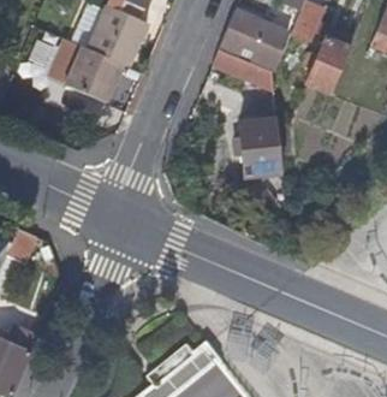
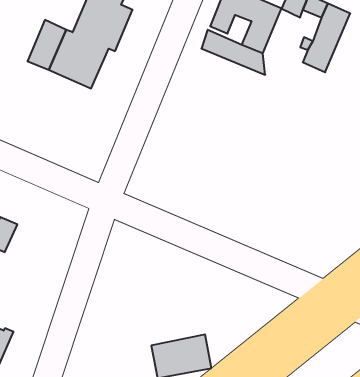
building: [240,120,281,178] -> none

